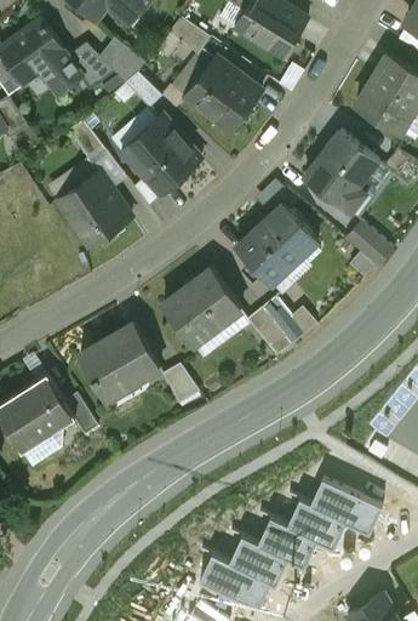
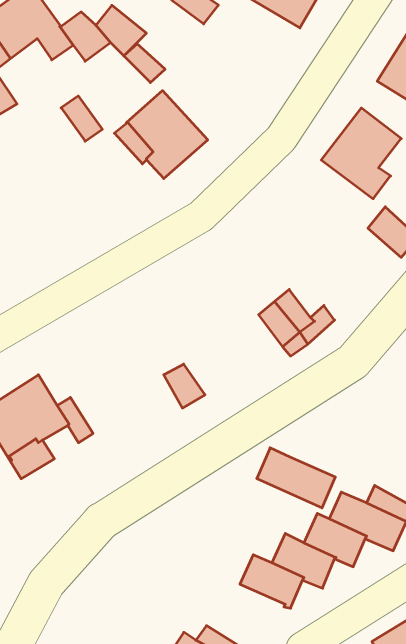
building: [184,57,260,132] -> none
building: [57,172,131,247] -> none
building: [236,204,317,284] -> none
building: [162,268,241,344] -> none
building: [79,323,160,399] -> none
building: [200,556,271,610] -> [257,448,335,508]

